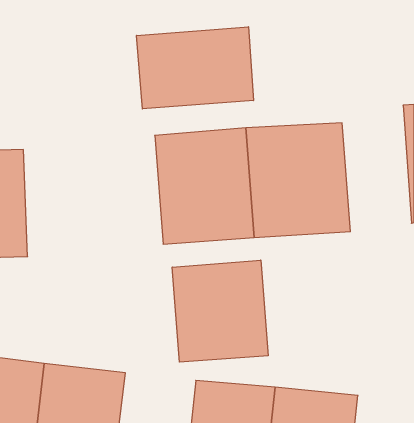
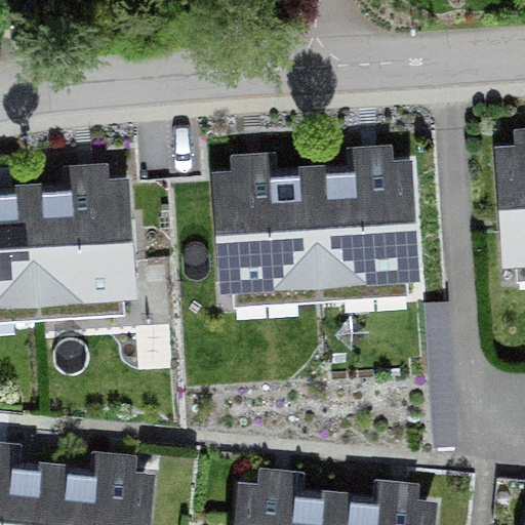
building: [137,27,253,109] -> none
building: none -> [29,184,147,320]
building: [172,260,268,362] -> none

